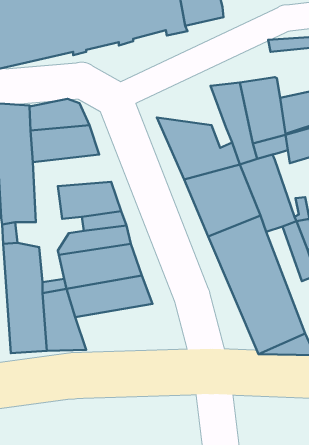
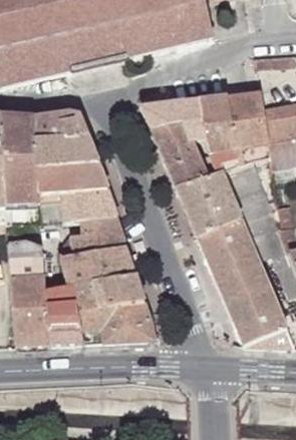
building: none -> [140,96,213,134]
building: none -> [35,159,107,222]
building: none -> [74,297,154,339]

